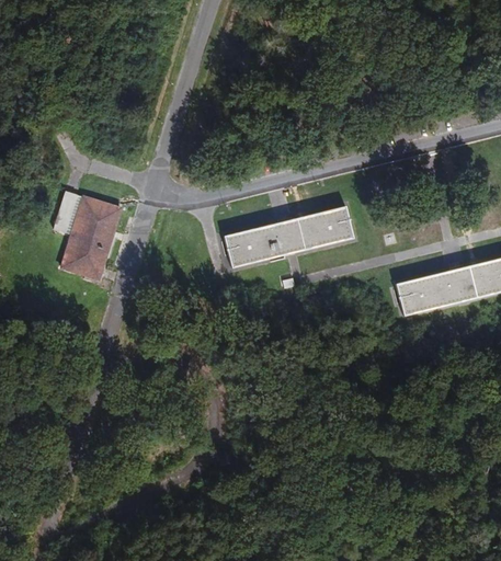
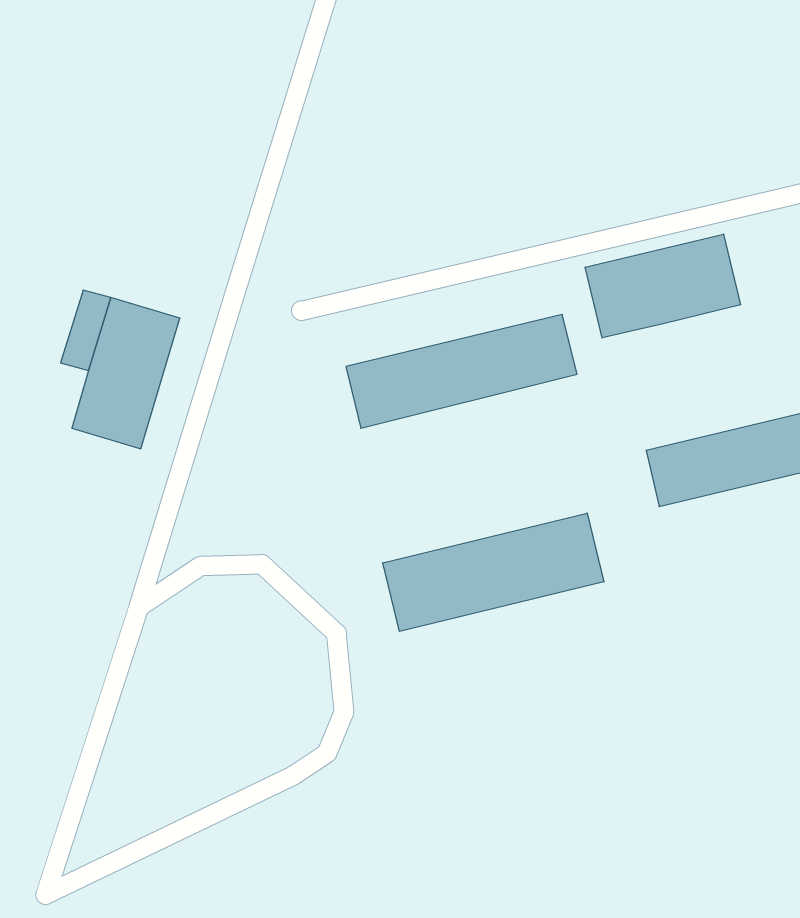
building: none -> [585,234,740,338]
building: none -> [383,513,604,631]

